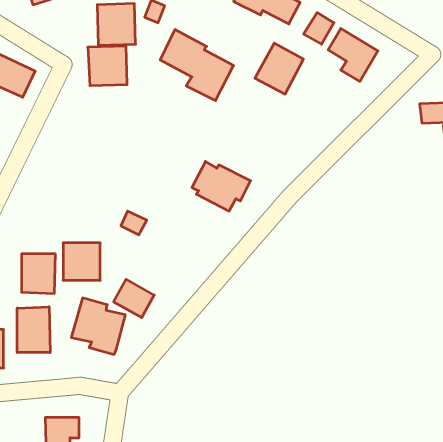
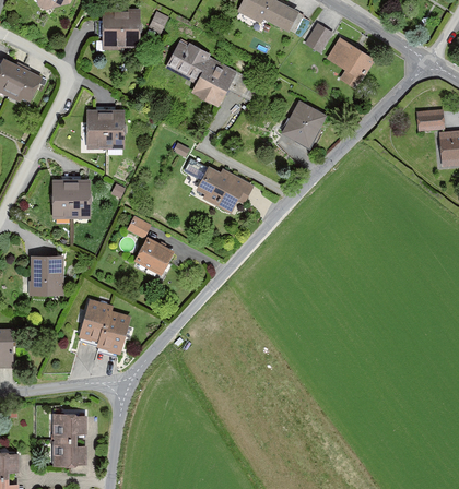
building: [255,43,303,94] -> [280,99,327,148]
building: [88,46,127,86] -> [86,109,125,147]
building: [63,243,100,280] -> [52,181,89,217]
building: [114,279,154,318] -> [136,238,175,275]
building: [17,307,50,353] -> none

